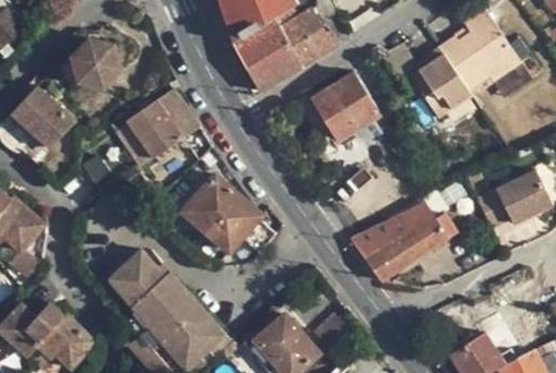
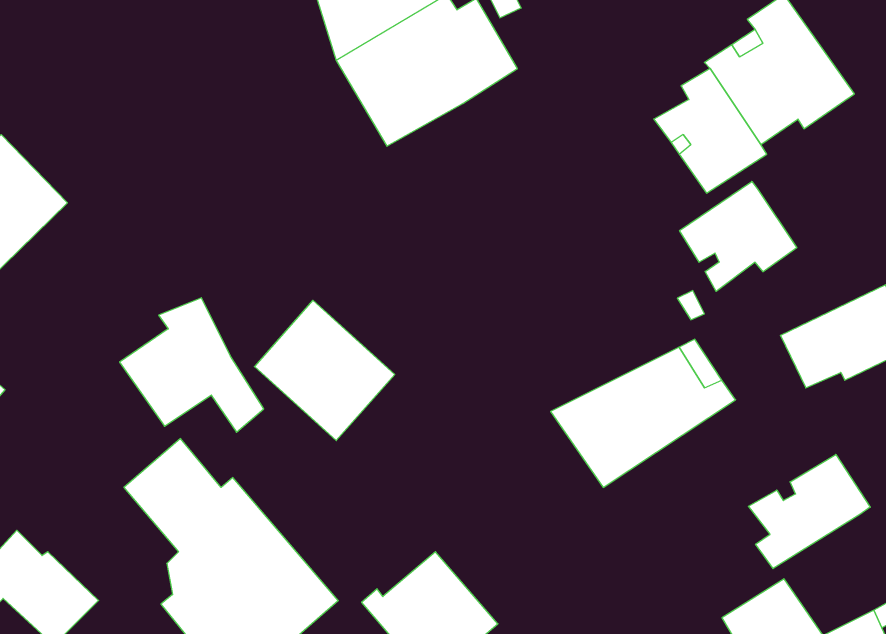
building: [82,40,130,91] -> none
building: [310,72,377,139] -> none
building: [130,86,211,161] -> [120,298,264,432]
building: none -> [680,181,797,291]
building: none -> [748,454,870,569]

